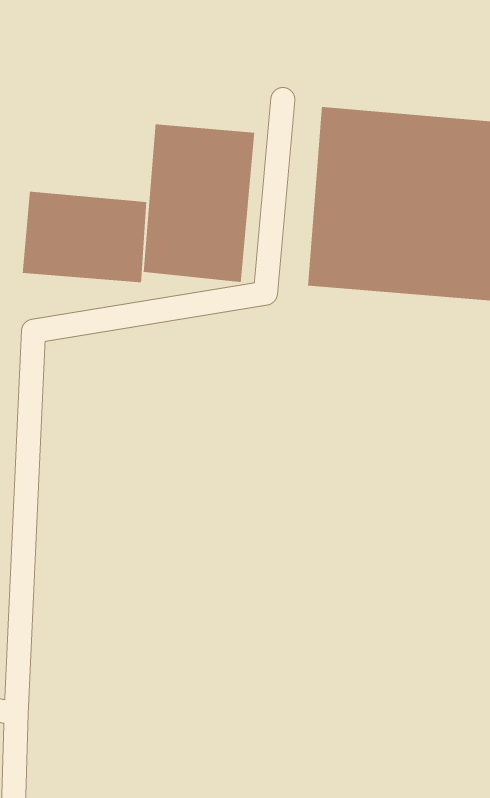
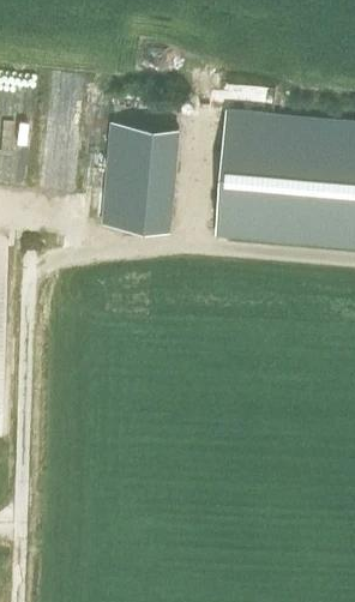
building: [22,191,147,283] -> none

